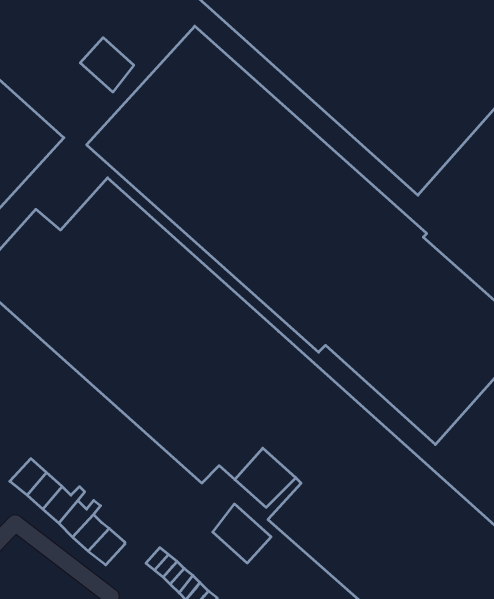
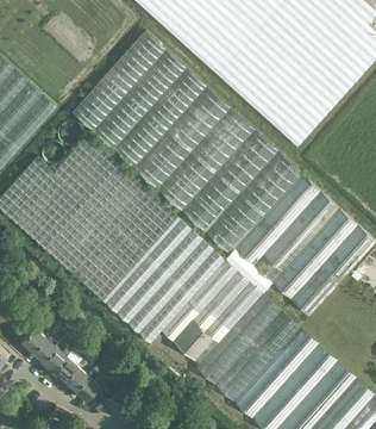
building: [80,38,134,92] -> none
building: [213,504,271,563] -> none

